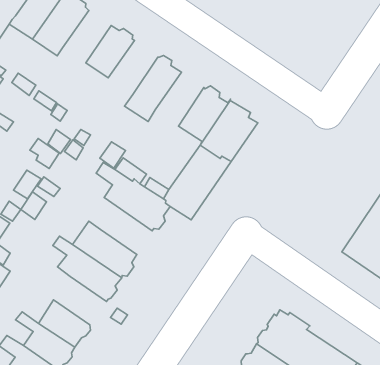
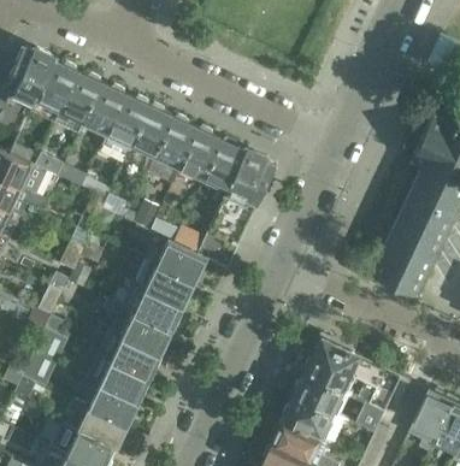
building: none -> [83,85,125,135]
building: none -> [130,105,173,158]
building: none -> [178,128,220,181]
building: none -> [132,258,193,306]
building: none -> [111,336,161,378]

